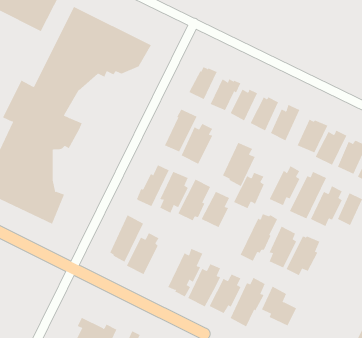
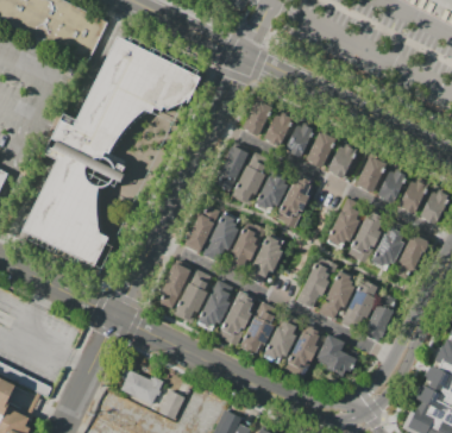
building: [233,172,265,209] -> [255,172,288,212]
building: none -> [197,288,232,333]
building: none -> [364,305,393,339]

